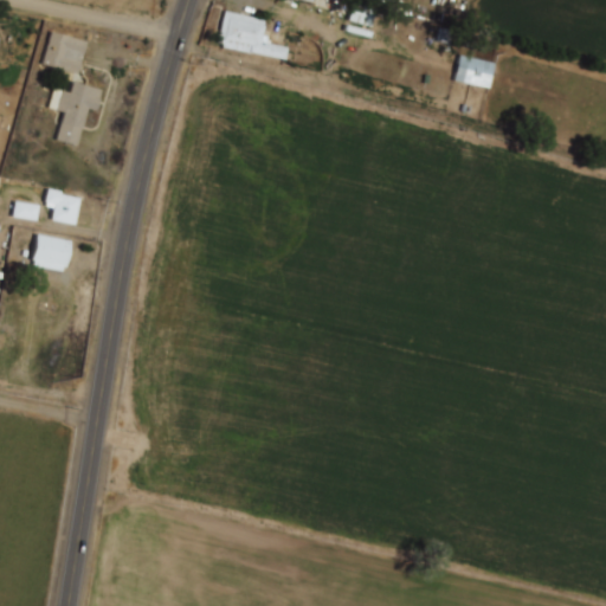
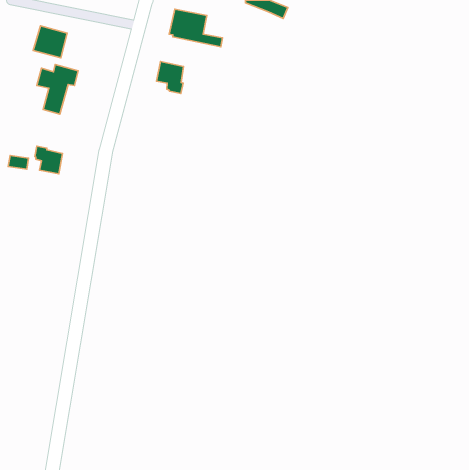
building: [451,53,491,88] -> none
building: none -> [156,62,184,93]
building: [33,234,72,266] -> none

